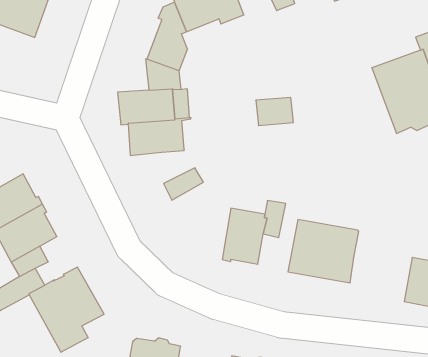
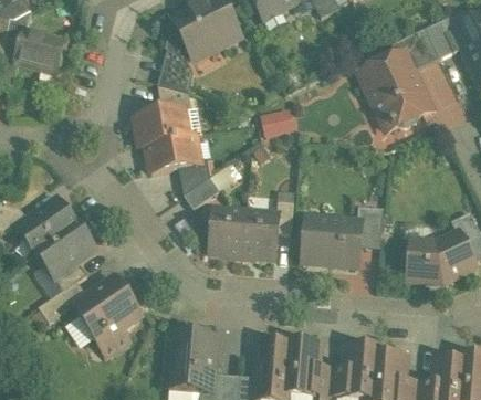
building: none -> [179,160,210,194]
building: none -> [209,209,245,257]
building: none -> [359,207,384,245]

